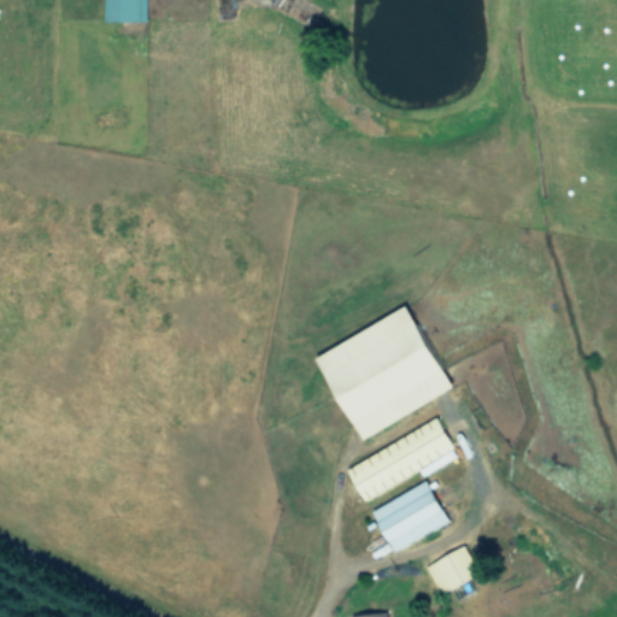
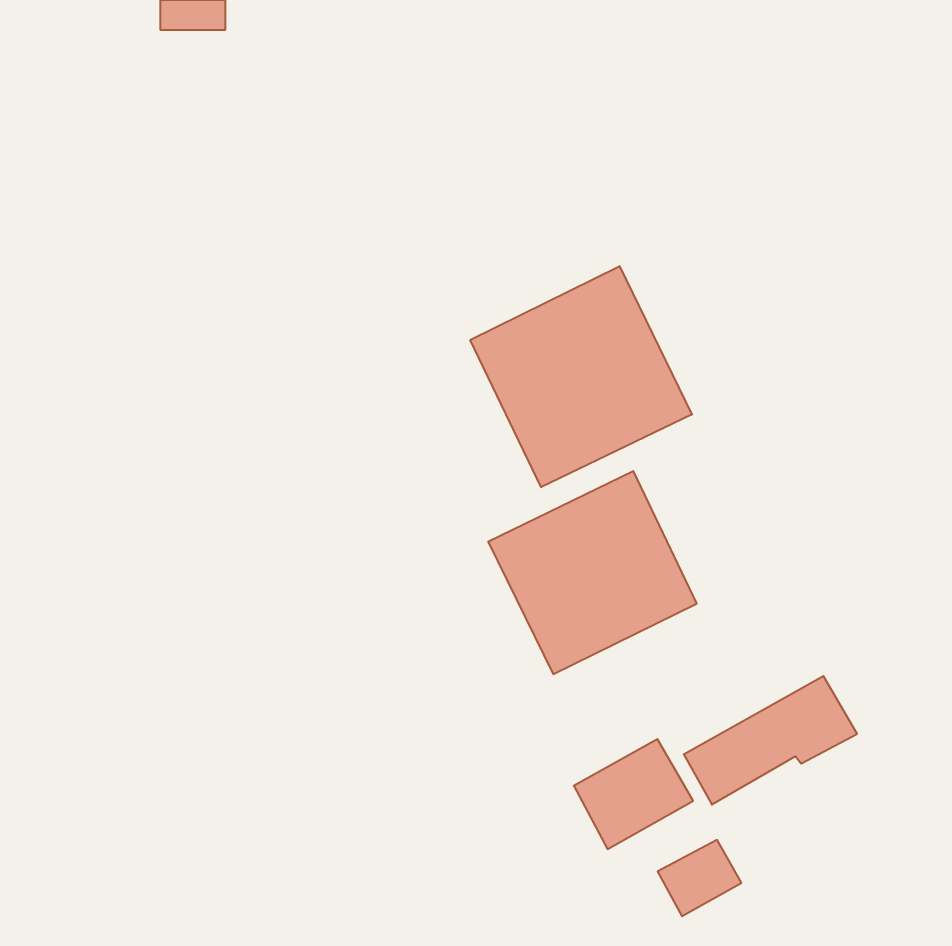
building: none -> [470,266,692,487]
building: [346,419,458,503] -> [684,676,857,805]

